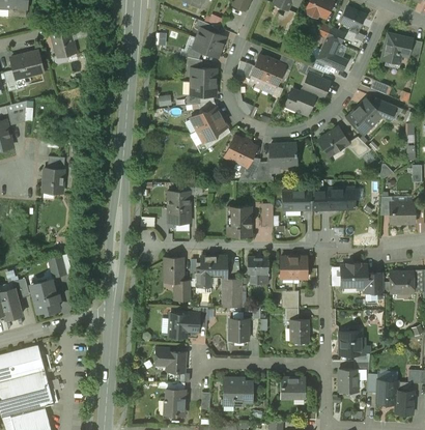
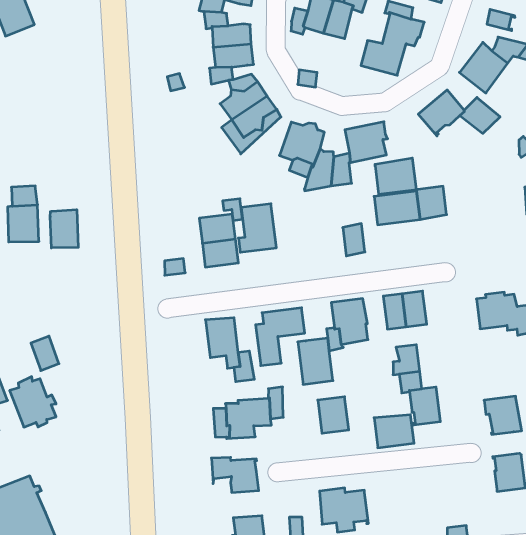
building: none -> [50,210,78,248]
building: [329,188,353,208] -> [375,158,416,194]
building: [227,206,251,235] -> [238,204,276,252]
building: [281,377,305,397] -> [374,415,414,448]

